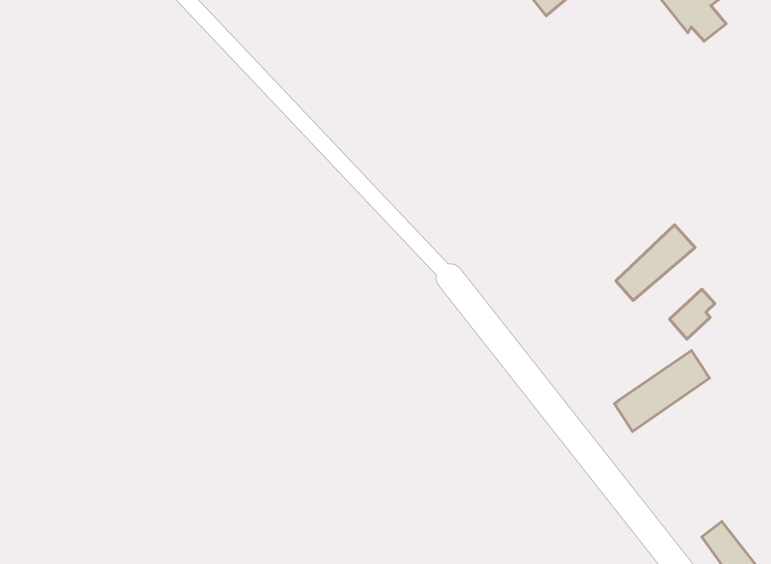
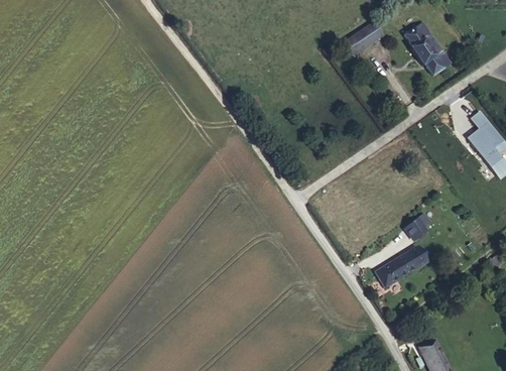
building: [616,225,695,300] -> none

